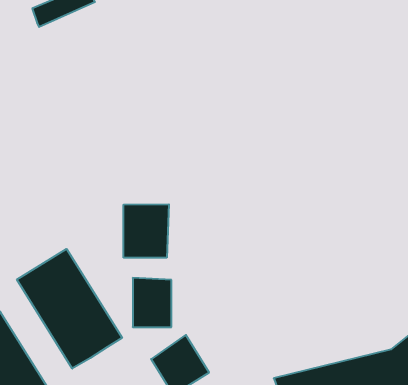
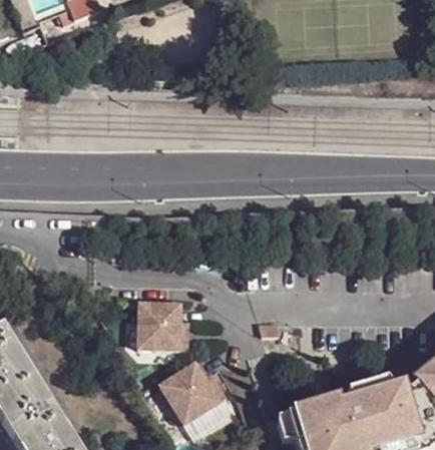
building: [124,204,169,258] -> none
building: [17,249,122,369] -> none

